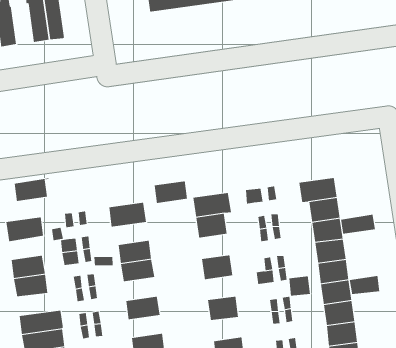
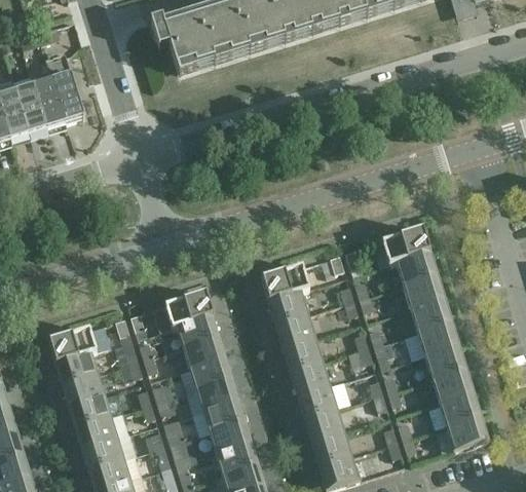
building: none -> [14,82,46,131]
building: [14,178,50,202] -> [54,349,97,383]
building: [149,181,188,204] -> [171,314,218,346]
building: [341,214,375,235] -> none
building: none -> [274,313,314,347]
building: [349,275,380,295] -> none
building: none -> [289,361,329,393]
building: none -> [195,377,237,410]
building: none -> [74,411,127,447]
building: none -> [208,420,251,452]
building: none -> [303,408,343,441]

